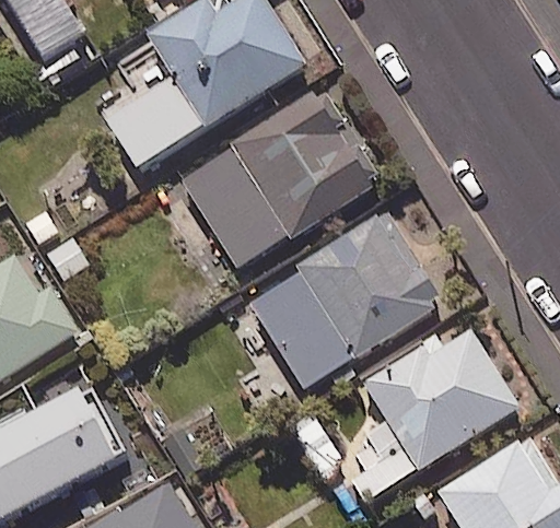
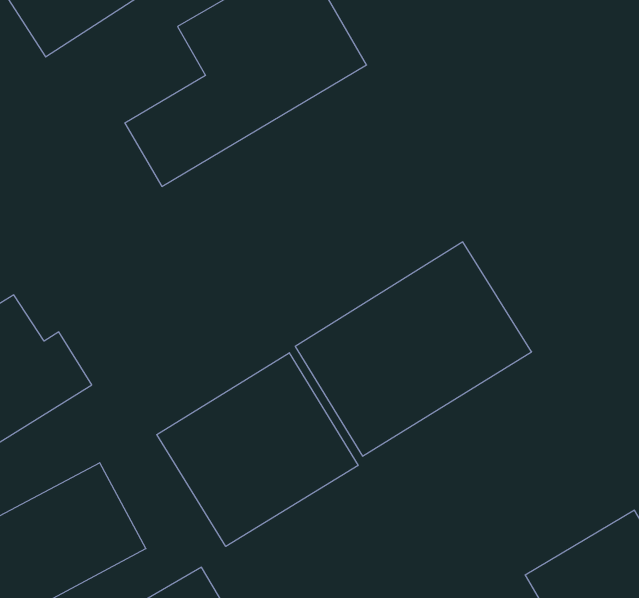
building: [179,86,384,269] -> none
building: none -> [157,353,358,546]
building: [343,322,520,501] -> none

